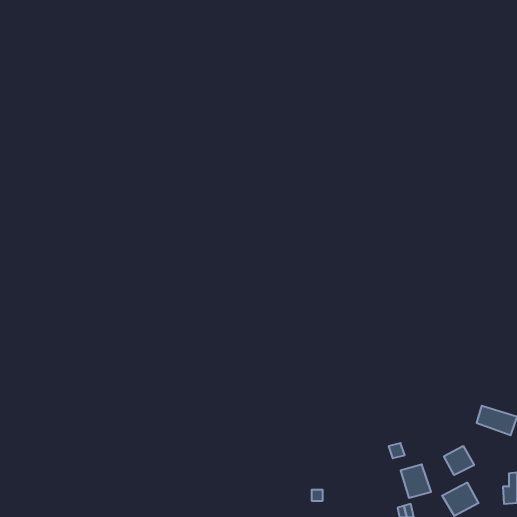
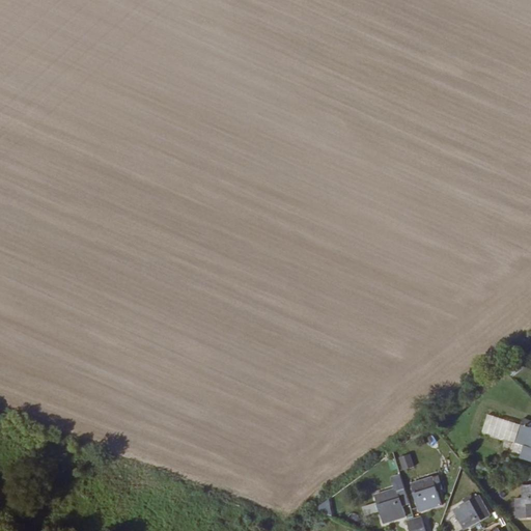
building: [444,446,474,475] -> none
building: none -> [374,487,406,522]

